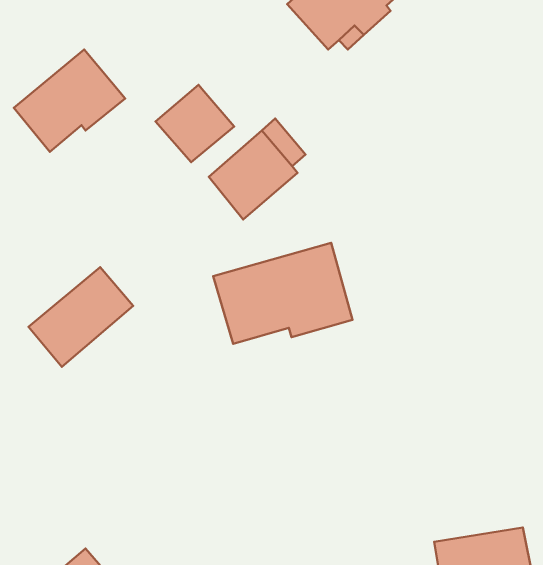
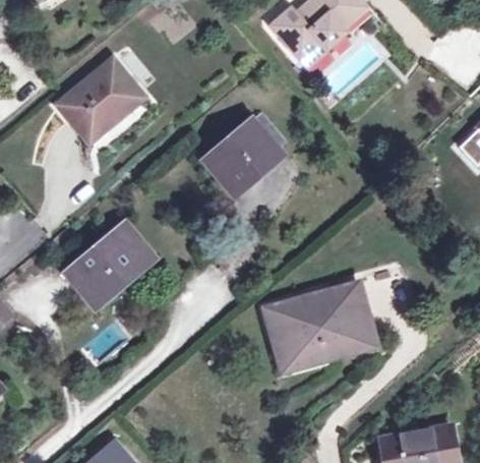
building: [155,85,234,162] -> none
building: [213,243,352,344] -> [266,286,373,363]

